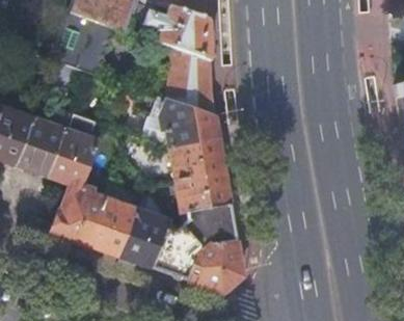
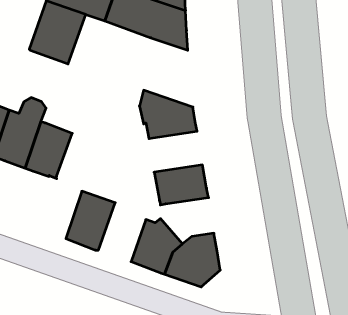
building: [169,46,218,114] -> none
building: [174,138,227,179] -> none
building: [55,182,108,244] -> none
building: [186,204,239,249] -> none
building: [125,209,172,267] -> none

